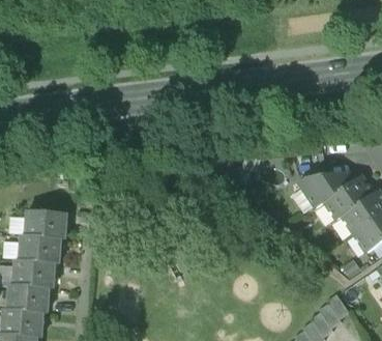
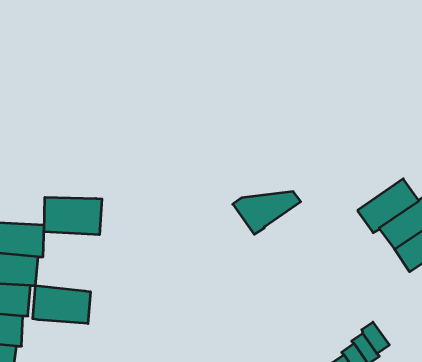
building: [297,172,353,207] -> [233,192,301,234]
building: none -> [44,197,102,235]
building: none -> [33,286,90,324]

